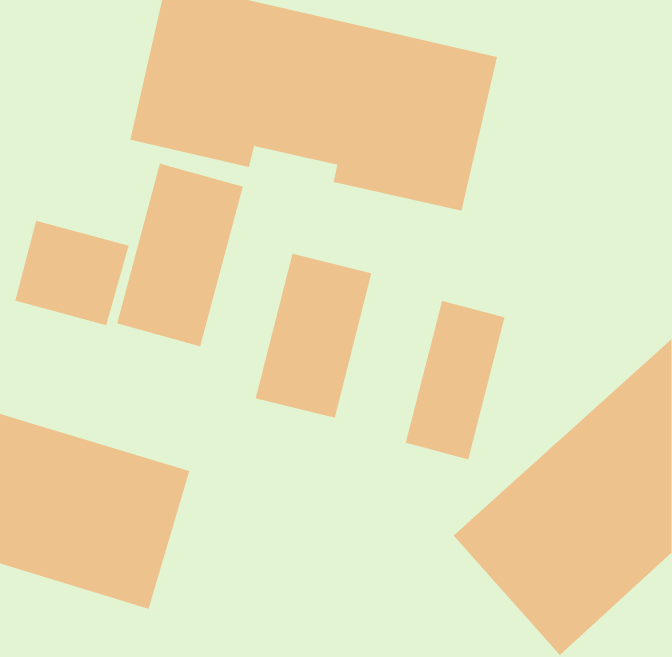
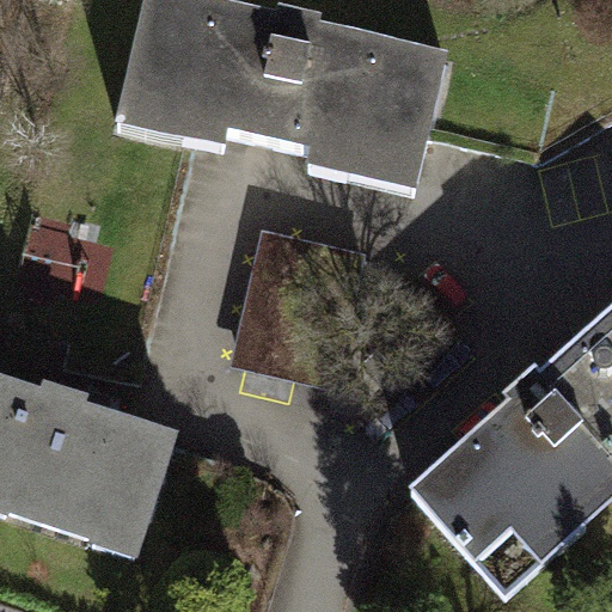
building: [116,163,244,347] -> none
building: [405,300,505,460] -> none

